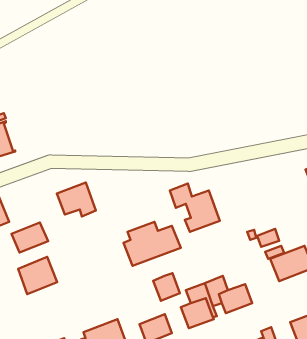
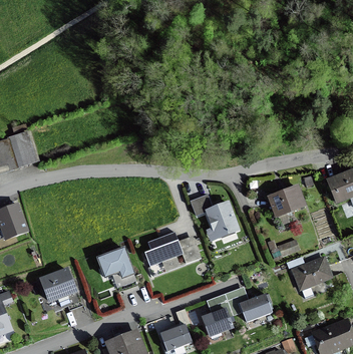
building: none -> [267,185,307,219]
building: [57,182,96,217] -> [96,247,135,281]
building: [11,222,48,253] -> none
building: [153,273,180,301] -> none

